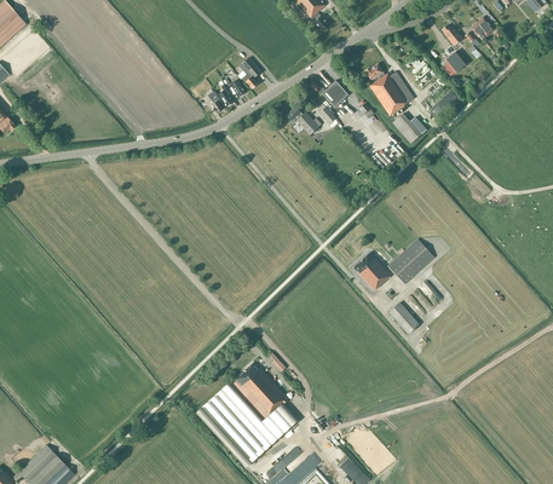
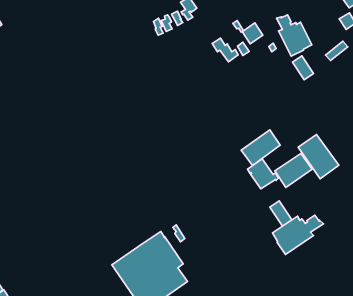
building: none -> [298,134,339,179]
building: none -> [241,130,280,165]
building: none -> [272,215,324,254]

